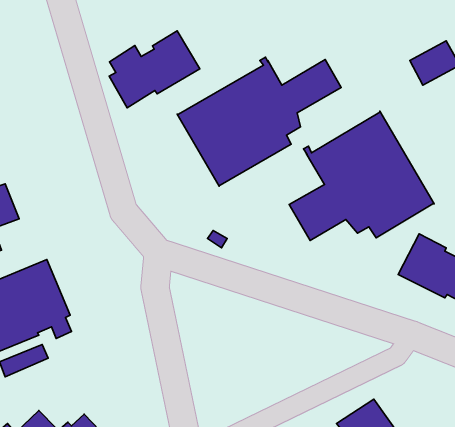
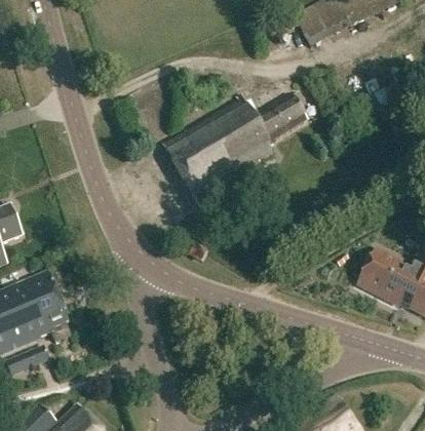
building: [109,31,200,108] -> none
building: [289,111,434,241] -> none

